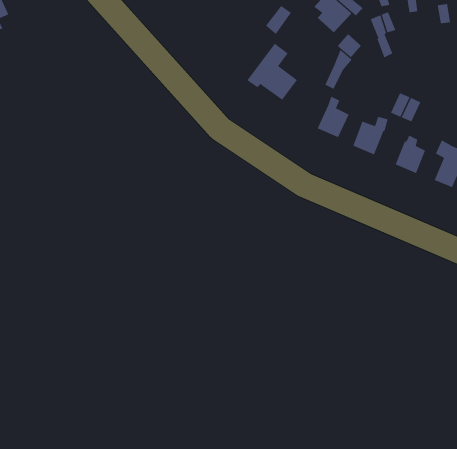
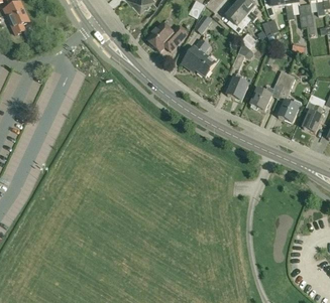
building: none -> [147,23,187,50]

